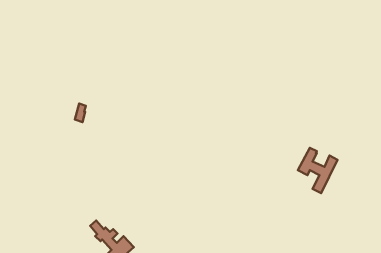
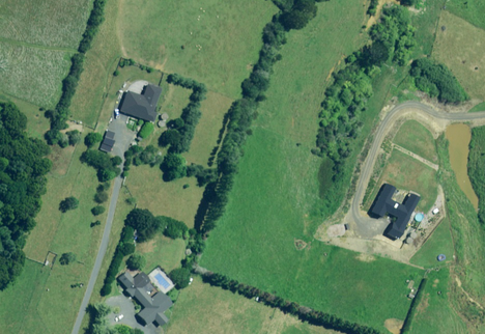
building: none -> [121,82,162,121]

